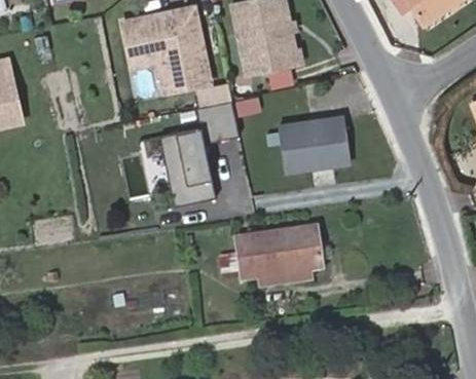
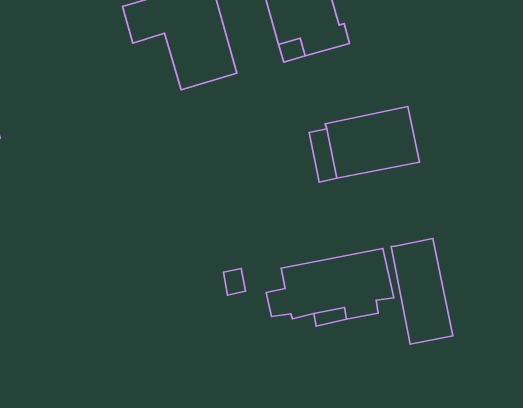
building: [159,99,240,203] -> none
building: none -> [391,238,453,344]

